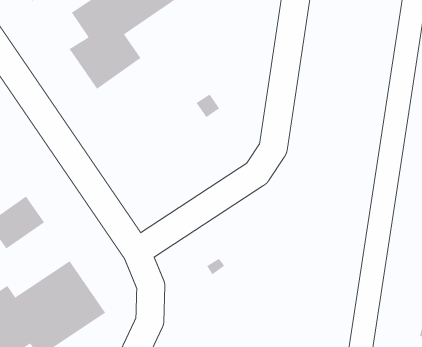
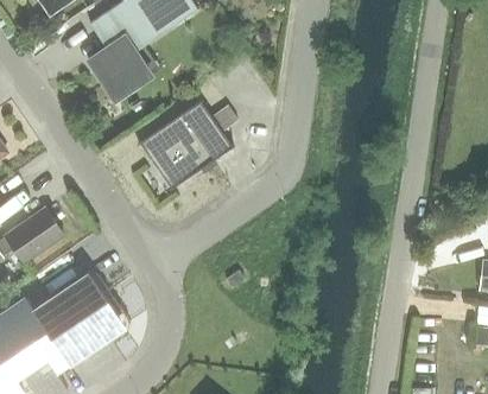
building: none -> [138,99,235,191]

